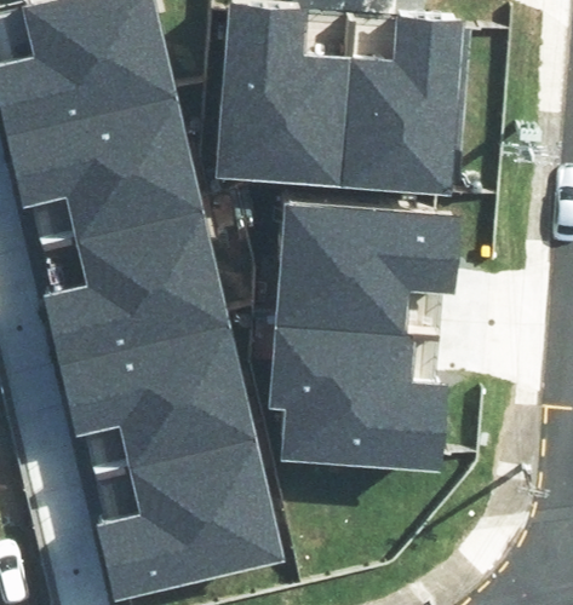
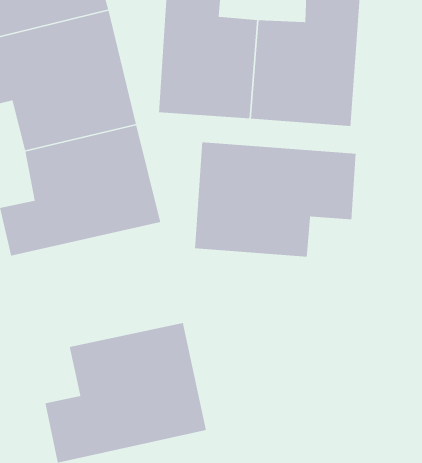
building: [56,302,253,444] -> none
building: [258,333,435,472] -> none

